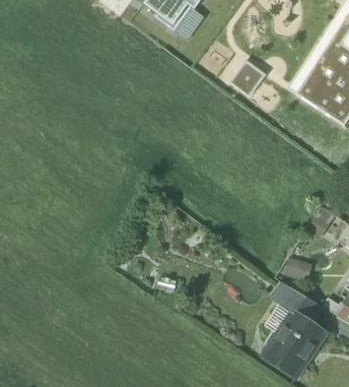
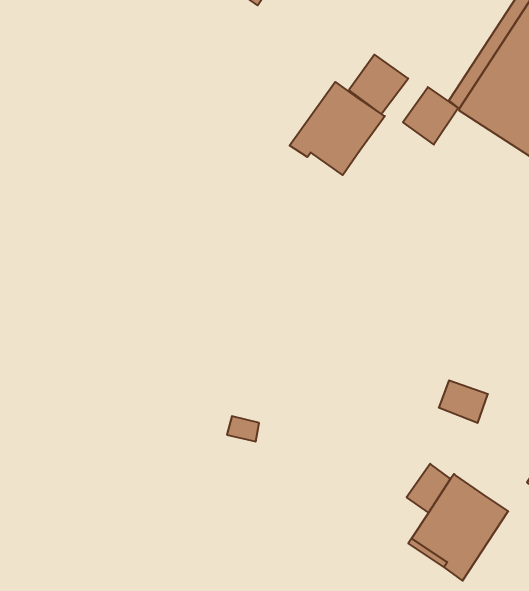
building: none -> [290,82,385,175]
building: none -> [403,87,458,145]
building: [274,281,322,323] -> none

